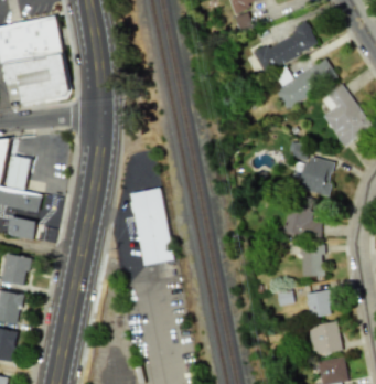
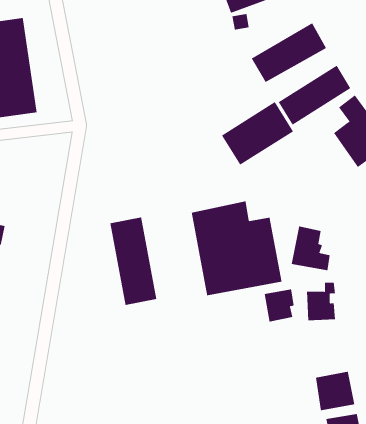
building: none -> [221,101,294,166]
building: [299,156,335,195] -> none
building: none -> [191,201,282,296]
building: [305,289,332,318] -> [264,289,295,322]

